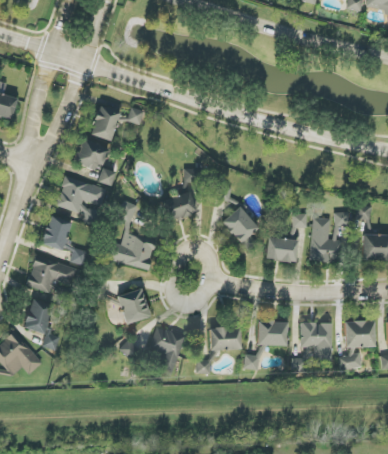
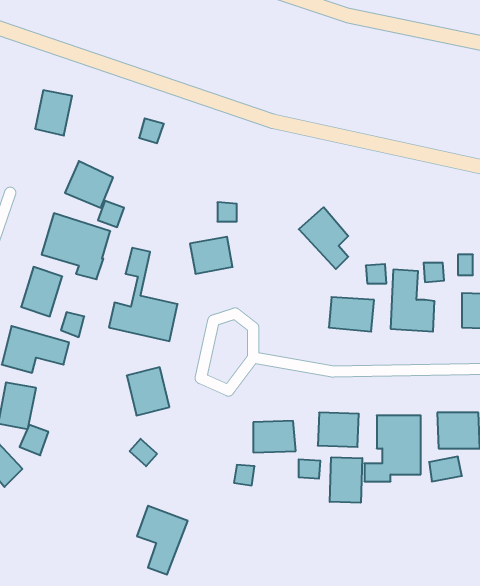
building: [91,107,118,140] -> [35,90,72,136]
building: [221,206,257,251] -> [299,207,348,269]
building: [149,326,186,376] -> [137,506,188,575]
building: none -> [330,457,362,503]

